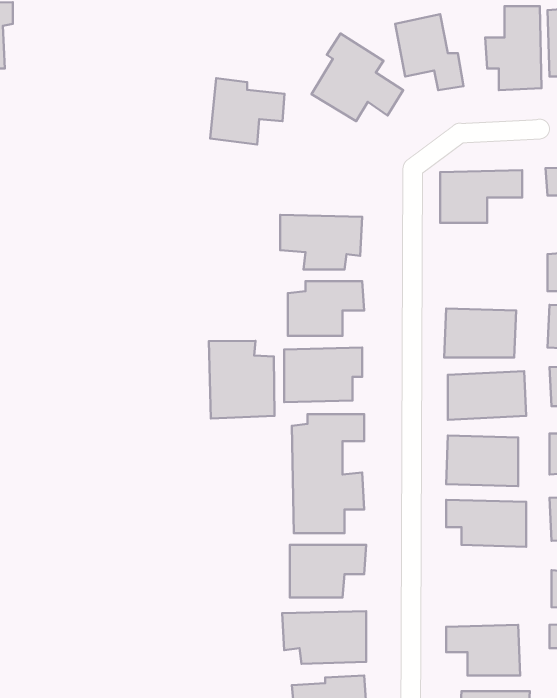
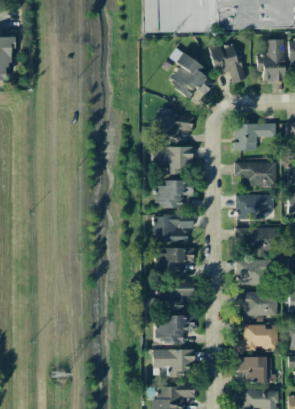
building: [210,78,284,144] -> [155,108,193,142]
building: none -> [234,162,276,186]
building: [209,341,275,419] -> none
building: none -> [231,324,278,353]

